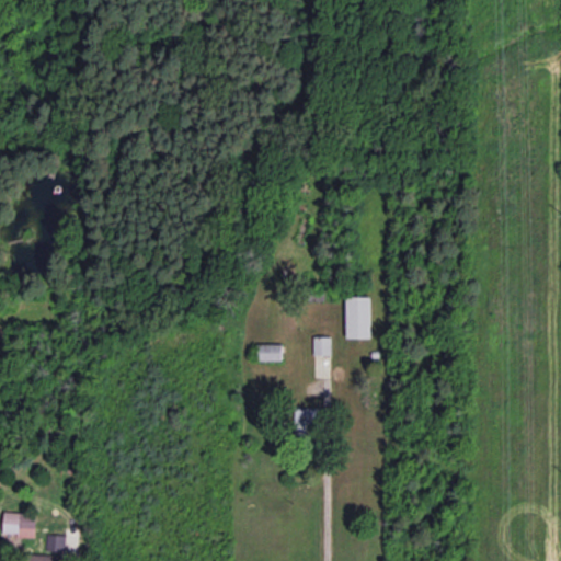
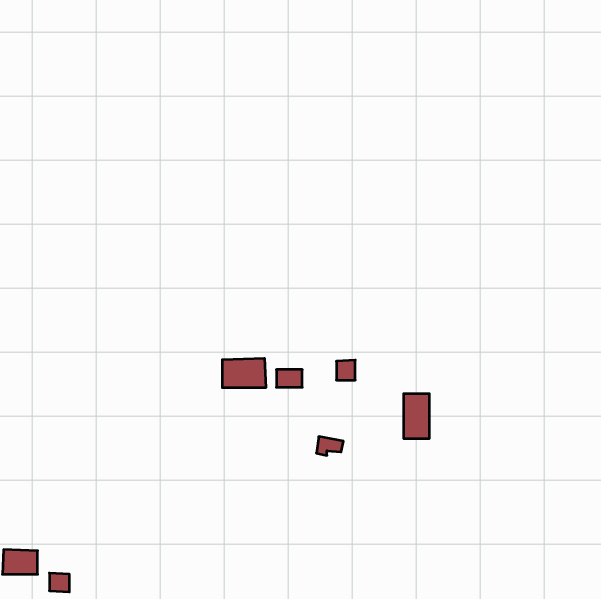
building: [346,298,370,340] -> [404,394,429,438]
building: none -> [222,358,266,388]

